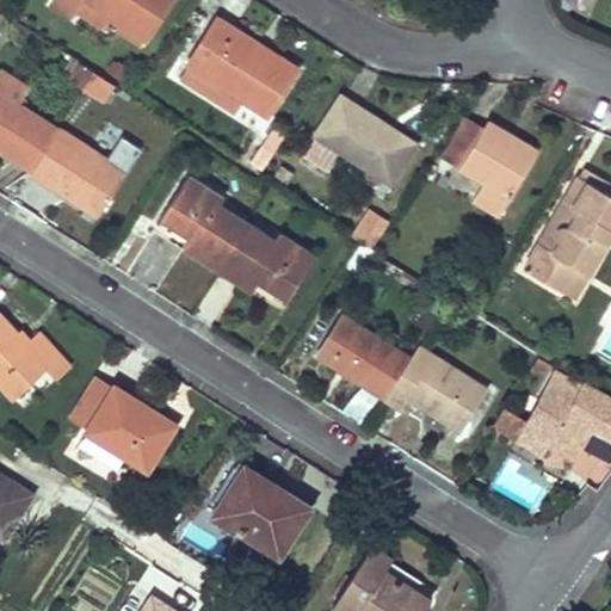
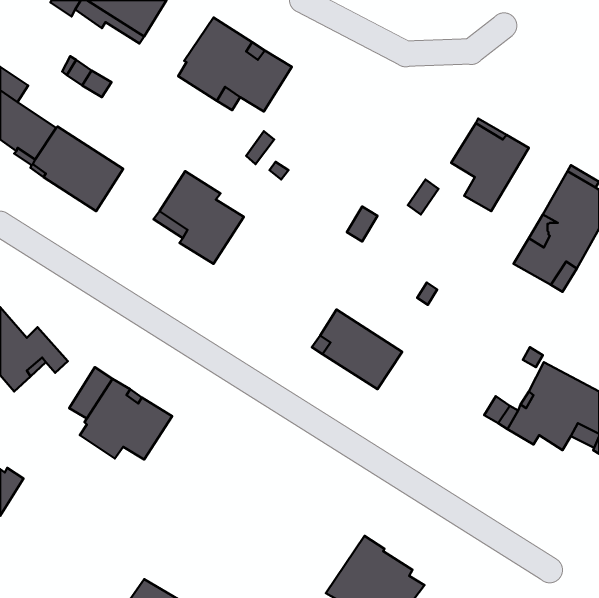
building: [303,98,414,183] -> none
building: [217,222,316,297] -> none
building: [384,347,485,430] -> none
building: [214,470,310,556] -> none

